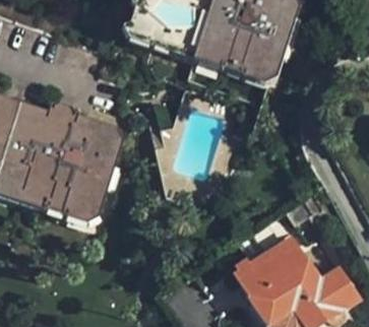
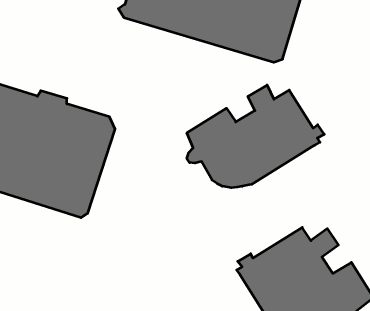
building: none -> [187,85,324,188]

